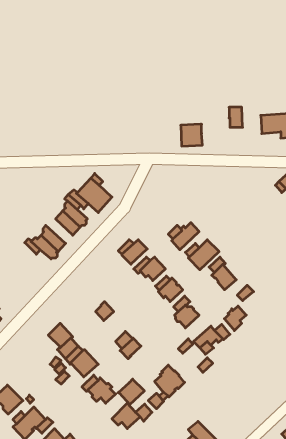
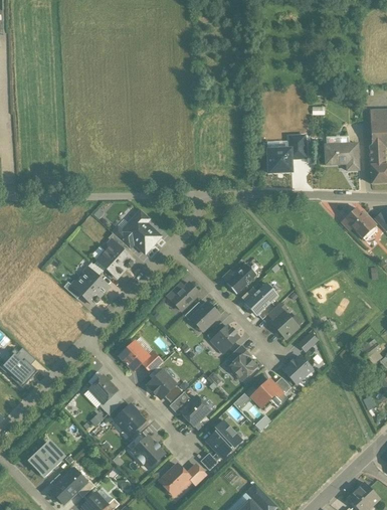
building: [181,124,202,146] -> [267,148,292,172]
building: none -> [120,341,148,370]
building: none -> [148,370,175,398]
building: [118,379,144,404] -> [180,396,209,424]

